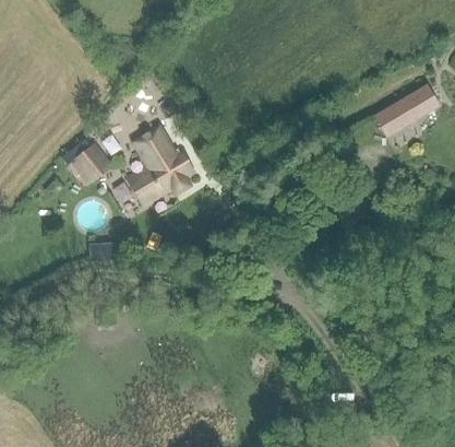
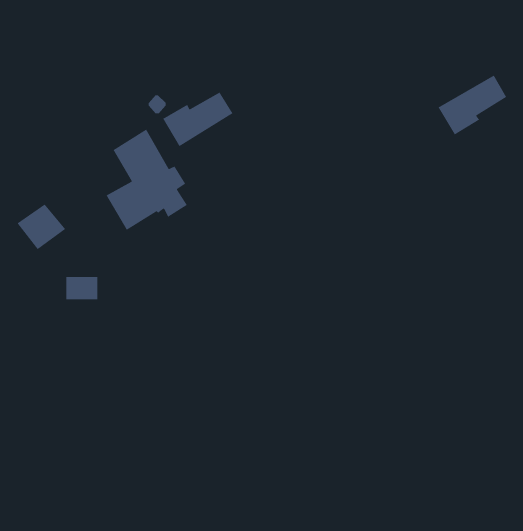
building: none -> [162,91,234,147]
building: [71,146,109,183] -> [16,203,66,250]

